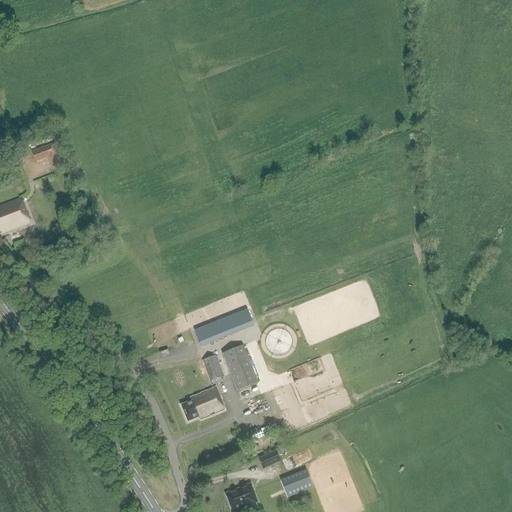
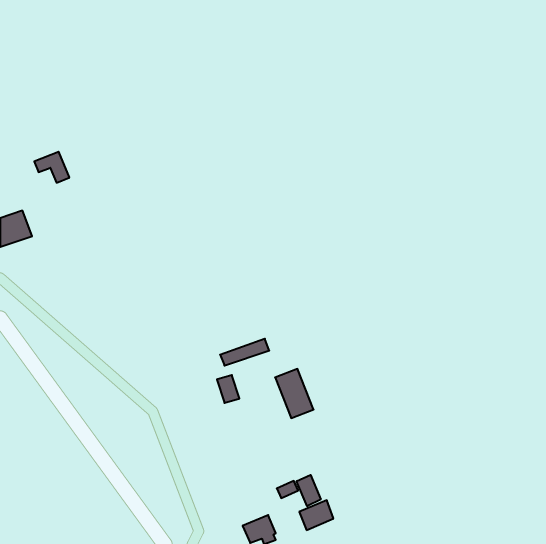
building: [222,344,258,390] -> [275,369,314,418]
building: [181,385,225,420] -> none
building: none -> [297,475,321,506]

